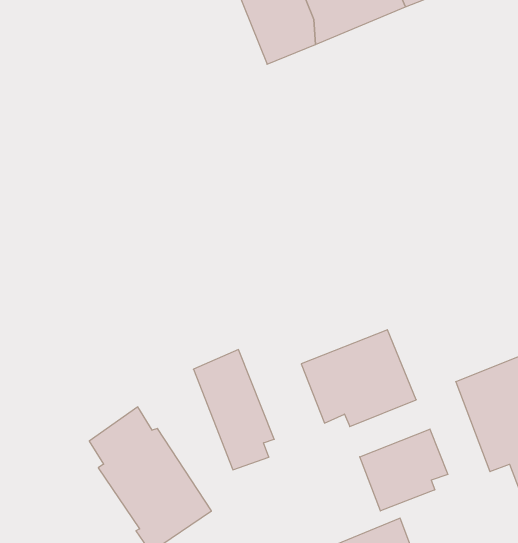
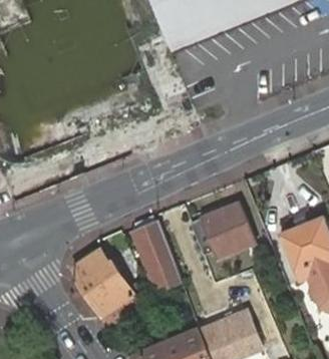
building: [360,429,448,511] -> none

